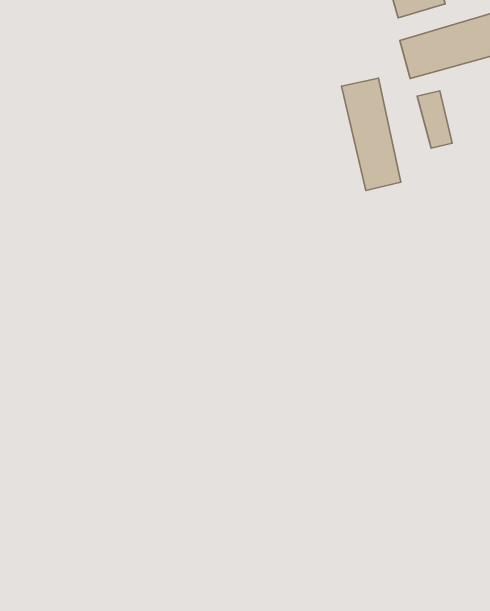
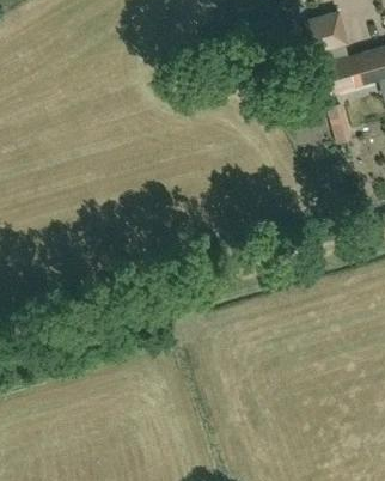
building: [341,78,401,190] -> none

